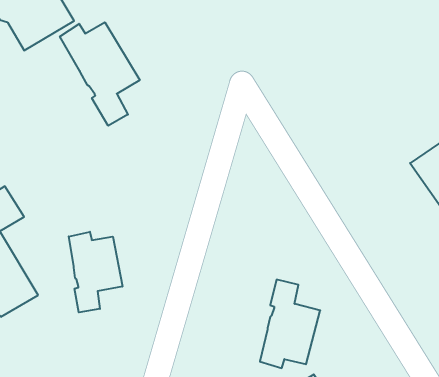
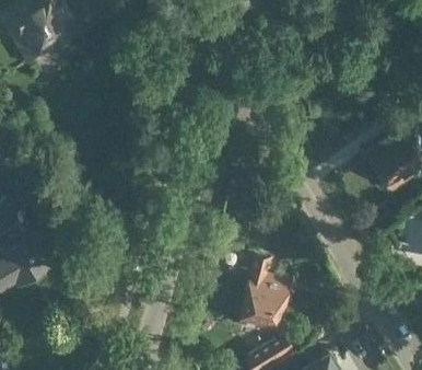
building: [60,22,140,126] -> none
building: [69,232,122,312] -> none

